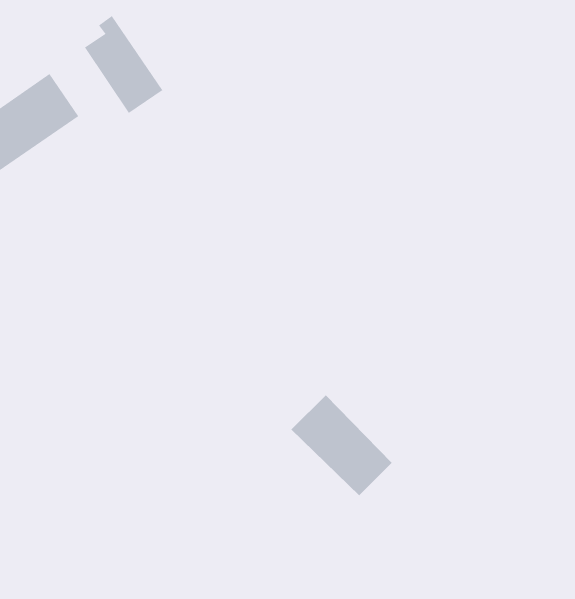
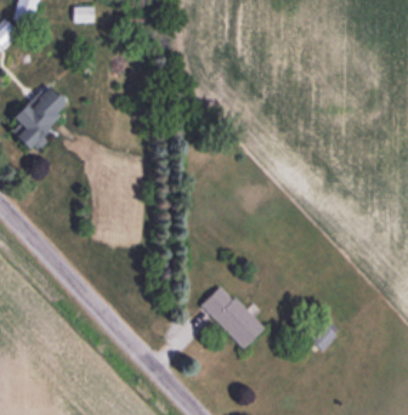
building: [84,15,163,114] -> none

